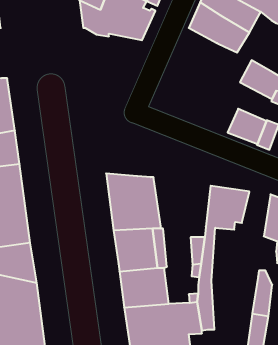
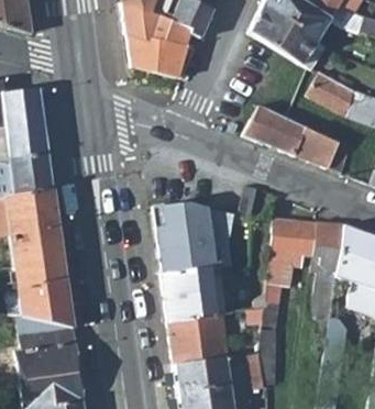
building: none -> [129,34,196,77]
building: none -> [244,104,307,155]
building: none -> [311,223,344,321]

